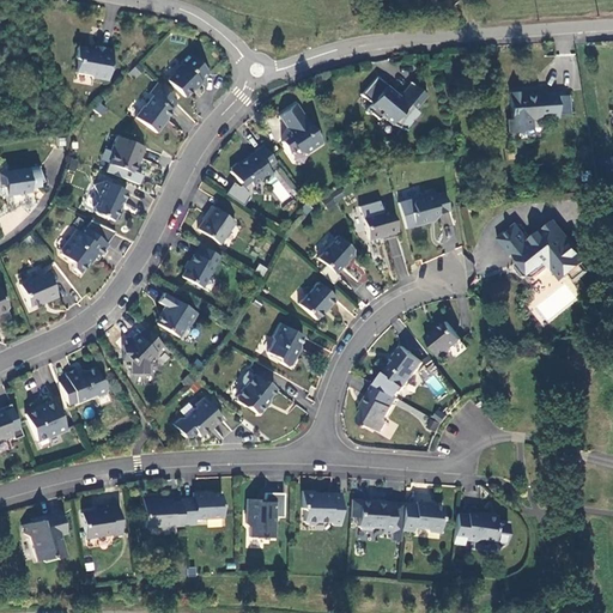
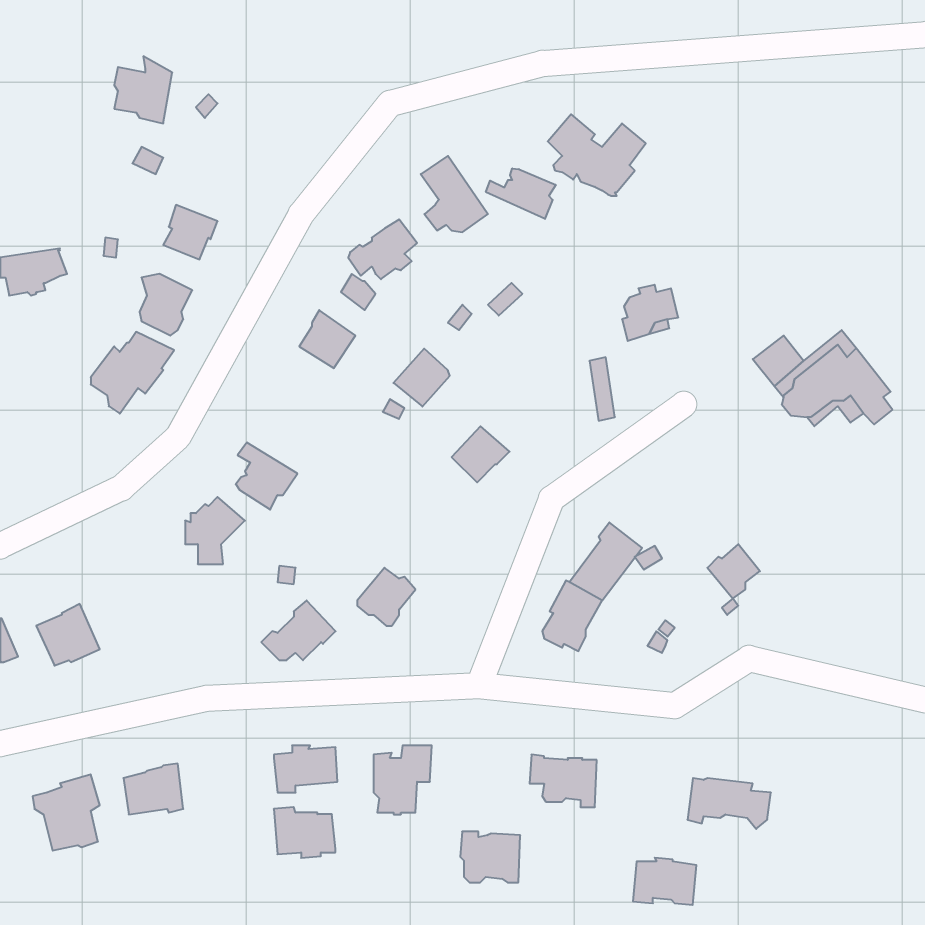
building: [169,53,210,97] -> none
building: [135,83,178,133] -> none
building: [509,91,559,132] -> none
building: none -> [486,168,556,219]
building: [363,207,399,239] -> none
building: [317,235,354,273] -> [393,349,450,407]
building: [183,245,220,286] -> none
building: [20,272,59,306] -> none
building: [427,321,462,357] -> [707,544,760,599]
building: [267,322,304,365] -> none
building: [60,366,108,406] -> none
building: [303,491,342,524] -> [460,832,520,882]
building: [144,496,184,529] -> [274,807,335,858]
building: [402,500,444,532] -> [633,858,696,905]

